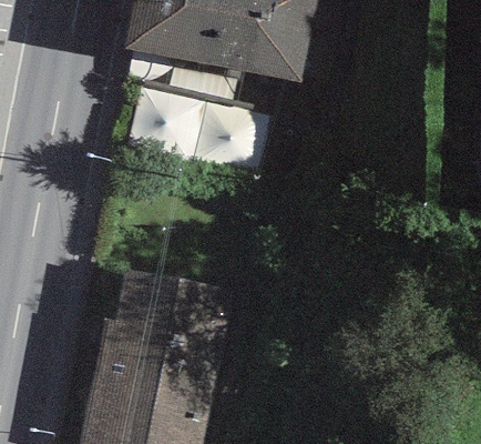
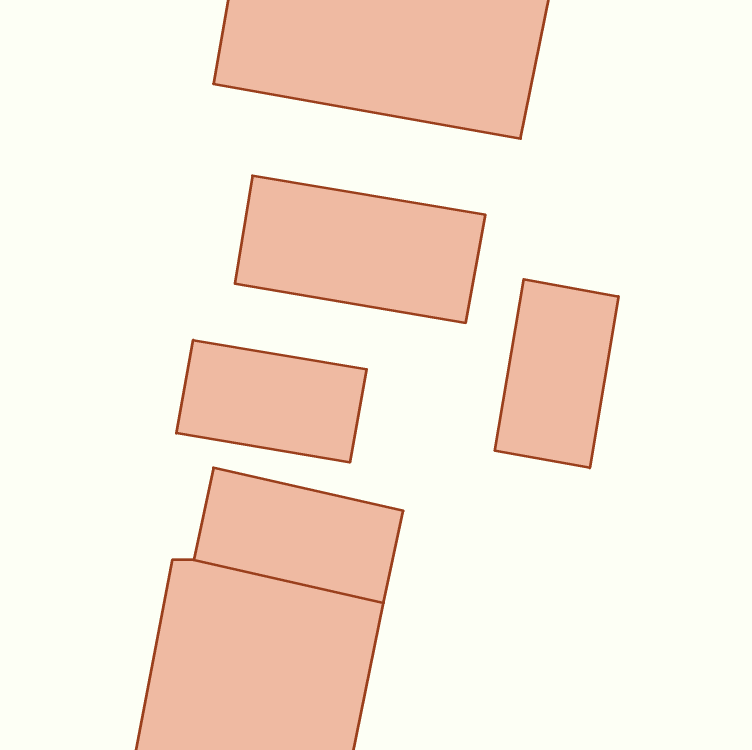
building: none -> [495,279,618,468]
building: none -> [176,340,367,462]

